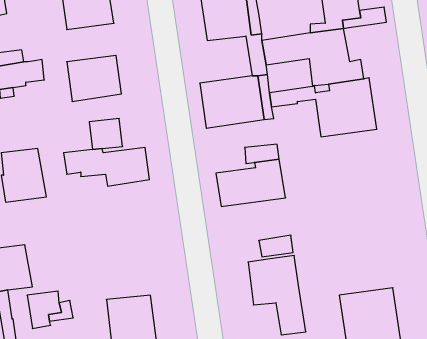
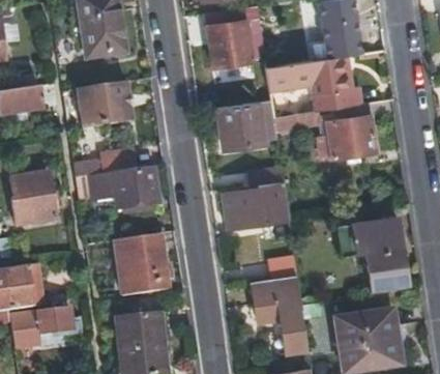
building: none -> [352,209,408,287]
building: none -> [116,234,169,295]

